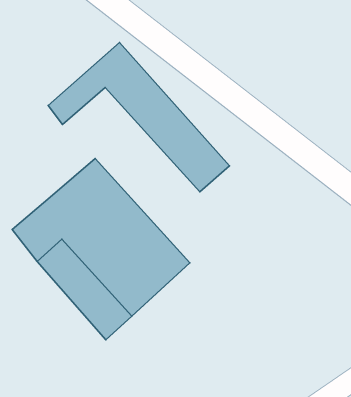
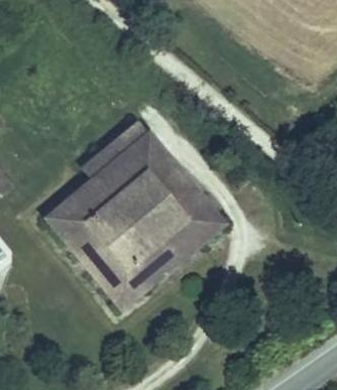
building: [48,43,230,192] -> [68,119,222,246]

